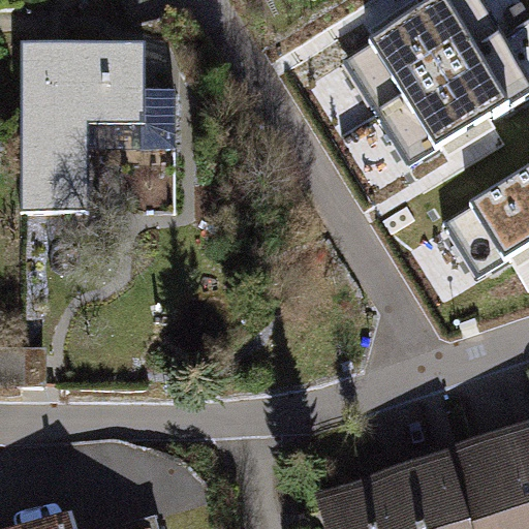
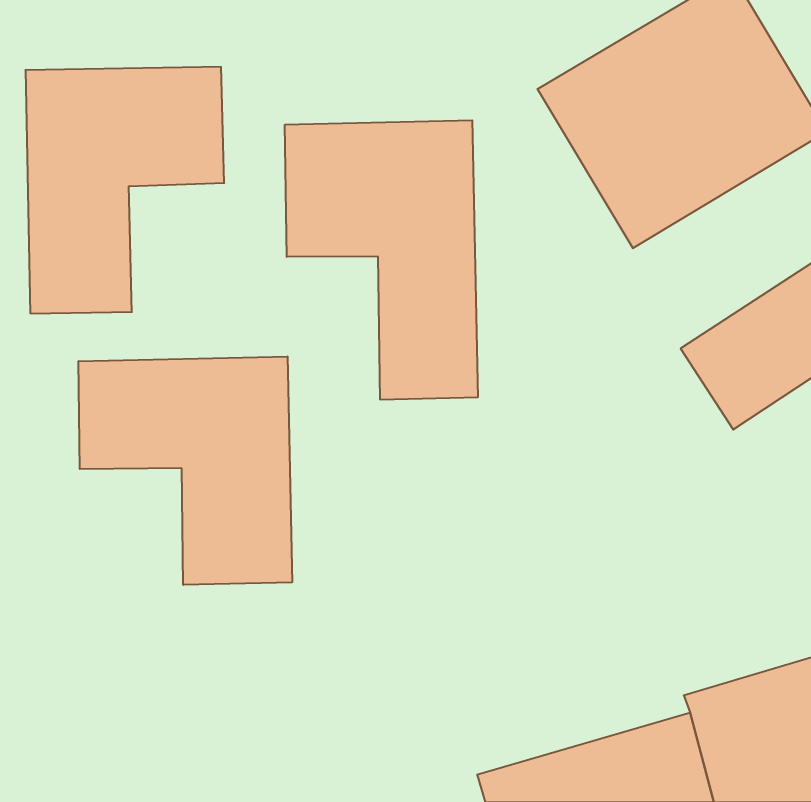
building: none -> [285,120,478,400]
building: none -> [79,356,292,585]

